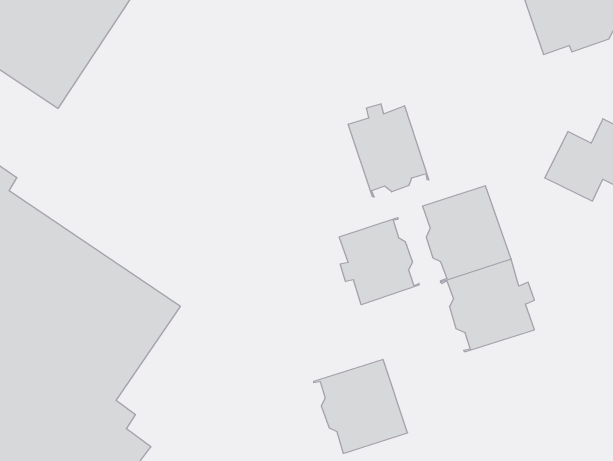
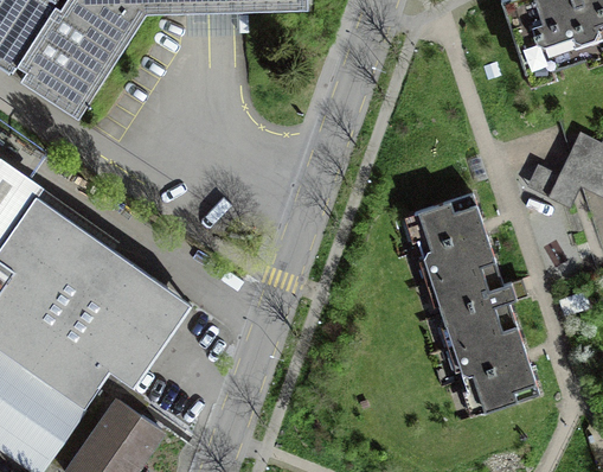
building: [348,104,429,197] -> none
building: [339,218,419,305] -> none
building: [314,359,408,453] -> [453,325,539,412]

